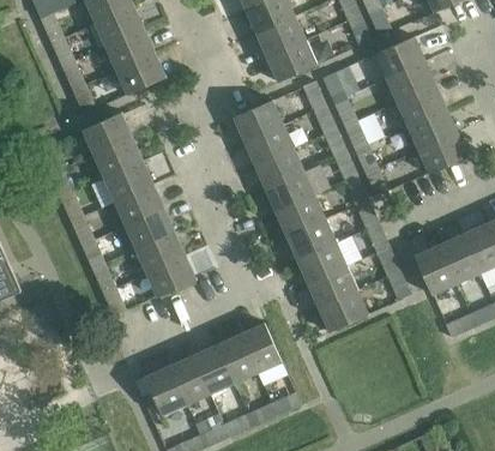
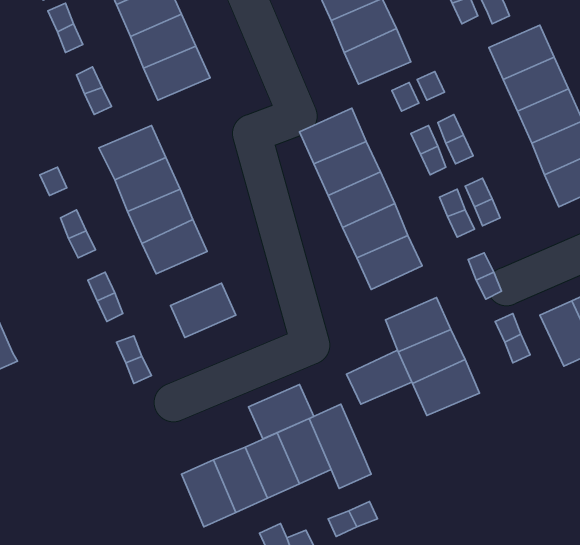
building: [125,208,174,248] -> none
building: [286,218,336,259] -> [347,350,412,404]
building: [146,255,195,296] -> [248,385,314,439]

